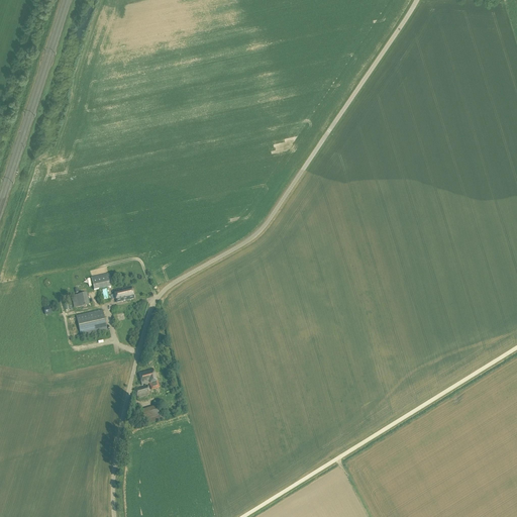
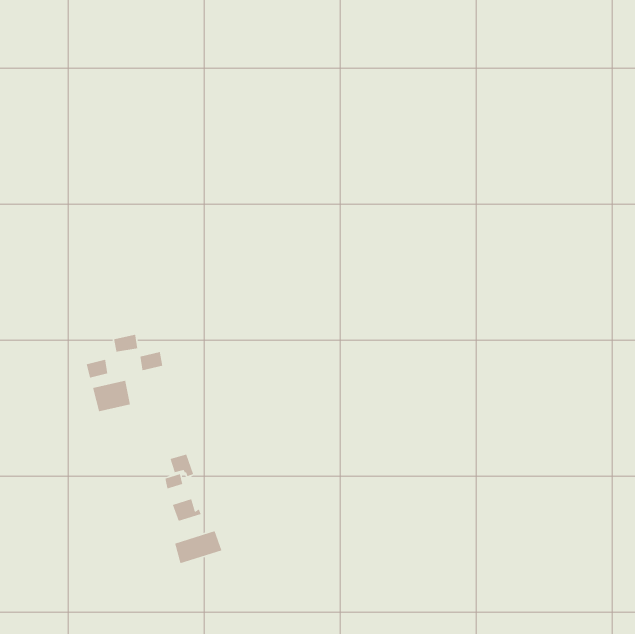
building: none -> [174,530,222,564]

